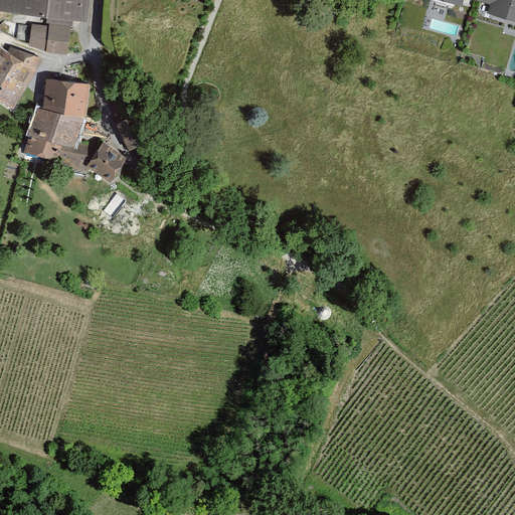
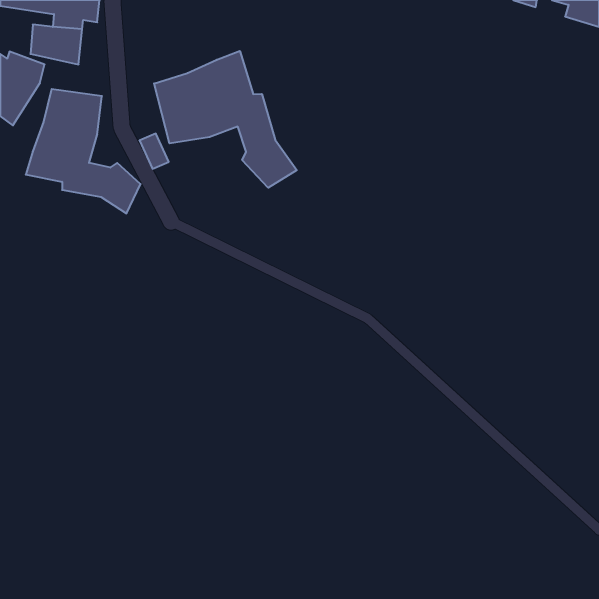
building: none -> [154,51,297,188]

